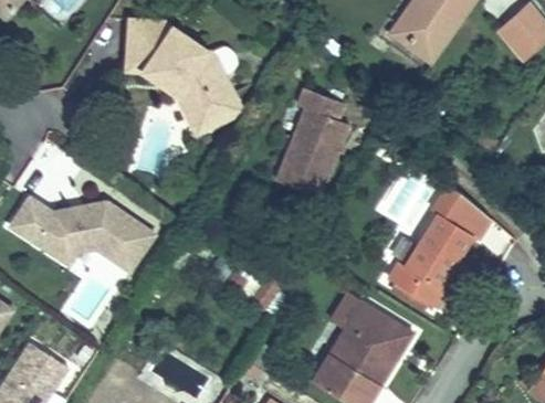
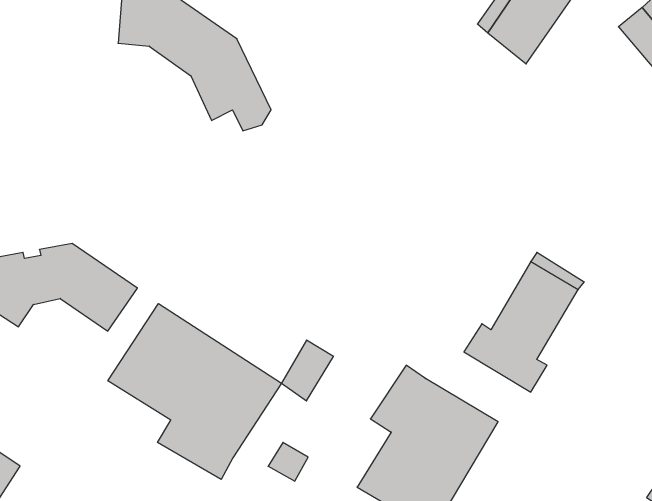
building: [130,50,224,123] -> none
building: [280,77,356,190] -> none
building: none -> [108,304,281,479]

